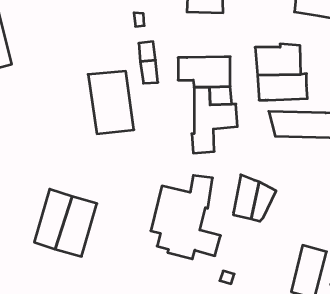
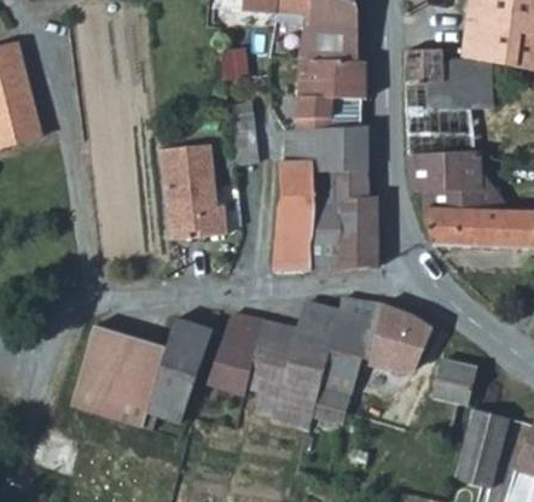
building: none -> [405,49,501,110]
building: none -> [288,56,367,126]
building: none -> [273,159,313,272]
building: none -> [424,167,511,209]
building: none -> [342,229,378,267]
building: none -> [333,296,383,358]
building: none -> [209,313,265,393]
building: none -> [147,315,214,422]
building: none -> [435,360,481,402]

